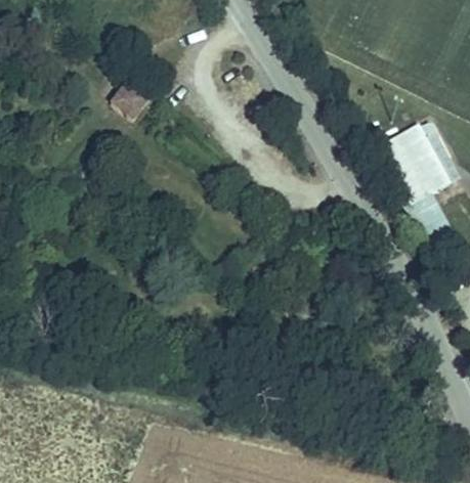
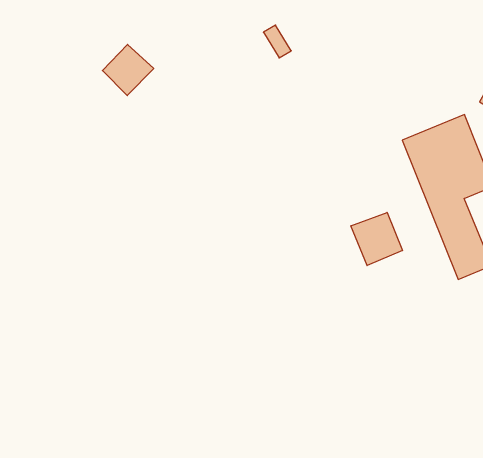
building: none -> [351,212,402,266]

